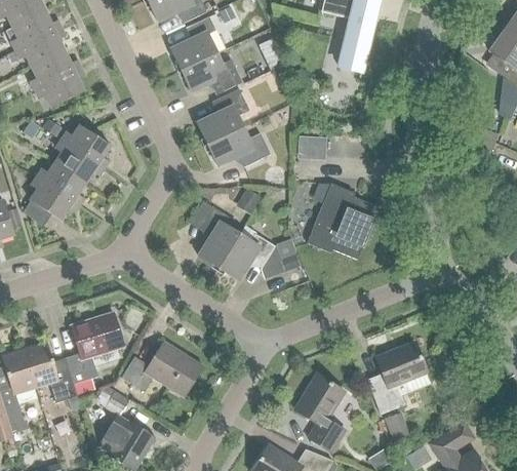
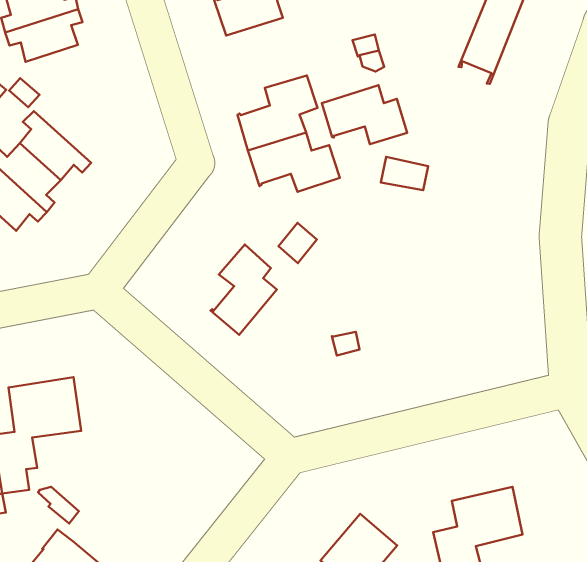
building: [181,52,240,92] -> [322,85,407,144]
building: [61,124,110,167] -> none
building: [306,183,379,259] -> none
building: [218,232,275,280] -> none
building: [121,341,202,396] -> none

